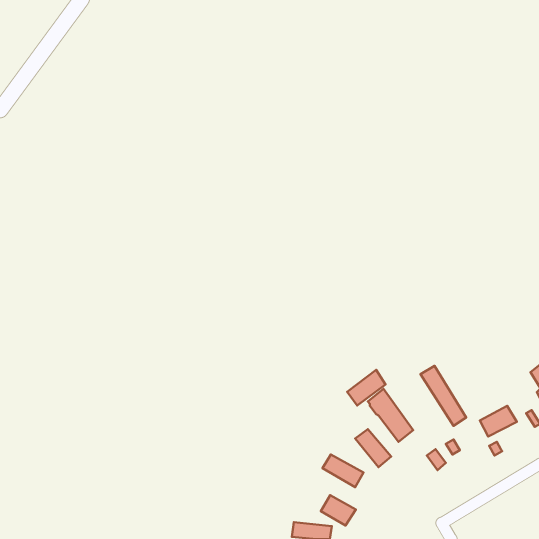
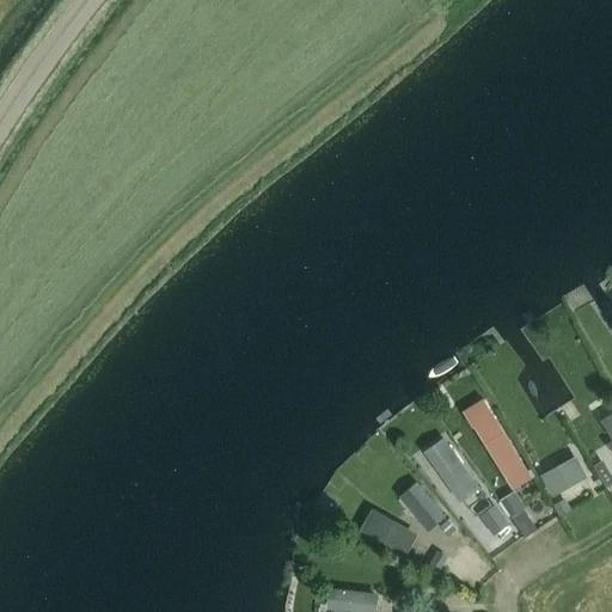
building: [347,370,386,405] -> none
building: [321,495,356,526] -> none

